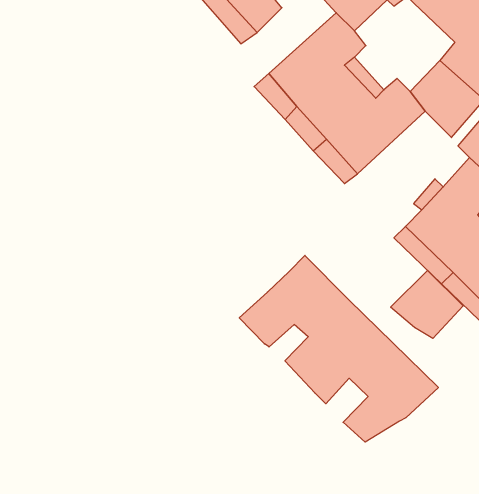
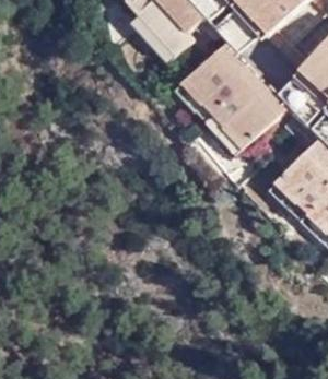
building: [239,255,438,442] -> none
building: [391,270,463,338] -> none

